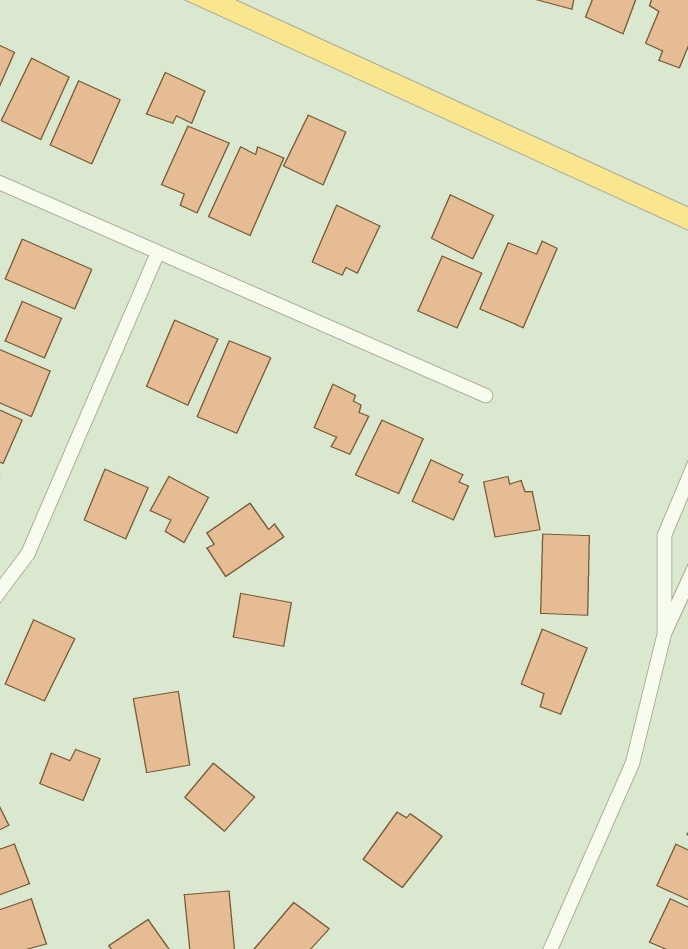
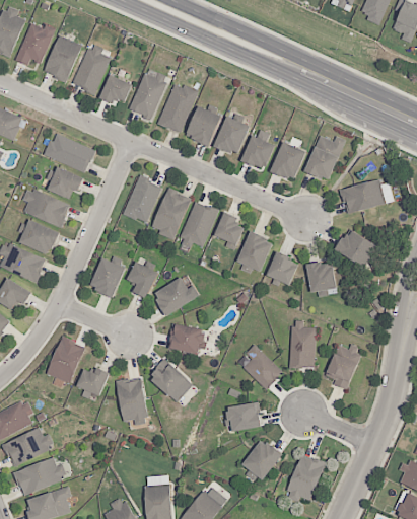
building: [146,72,205,123] -> [98,75,130,102]
building: [284,115,346,185] -> [186,108,219,146]
building: [431,195,494,259] -> [240,136,274,170]
building: none -> [339,179,383,212]
building: none -> [181,205,220,248]
building: none -> [337,231,376,268]
building: [541,534,590,615] -> [290,325,317,369]
building: none -> [244,341,286,390]
building: none -> [221,399,261,432]
building: [40,749,100,800] -> [77,368,110,395]
building: [185,763,255,831] -> [149,362,187,398]
building: none -> [286,453,325,501]

